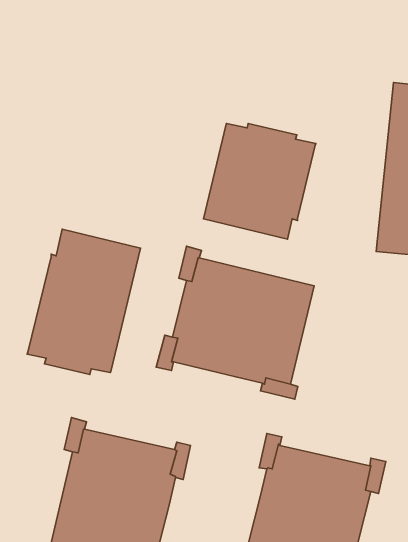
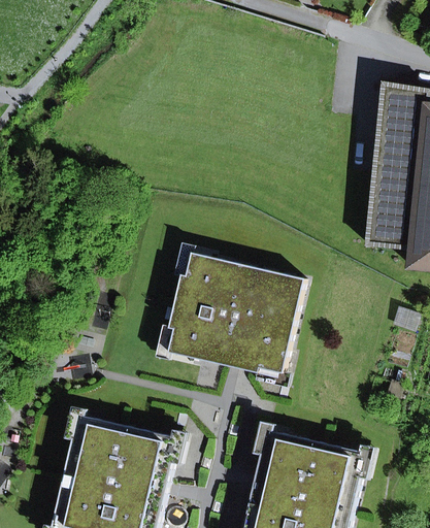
building: [204,123,316,239] -> none
building: [27,229,140,374] -> none

